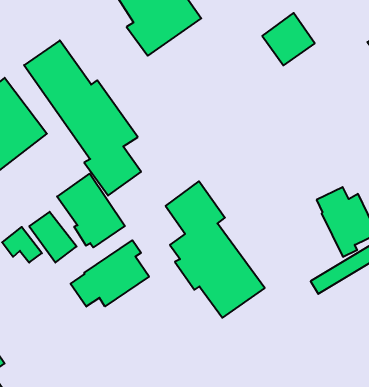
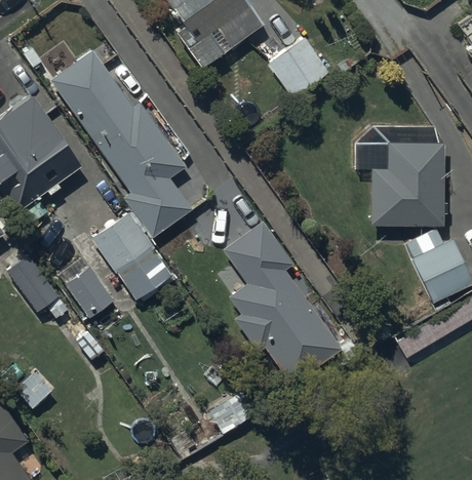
building: [262,13,315,65] -> [267,36,330,99]
building: none -> [369,144,443,227]
building: [71,240,149,307] -> none

